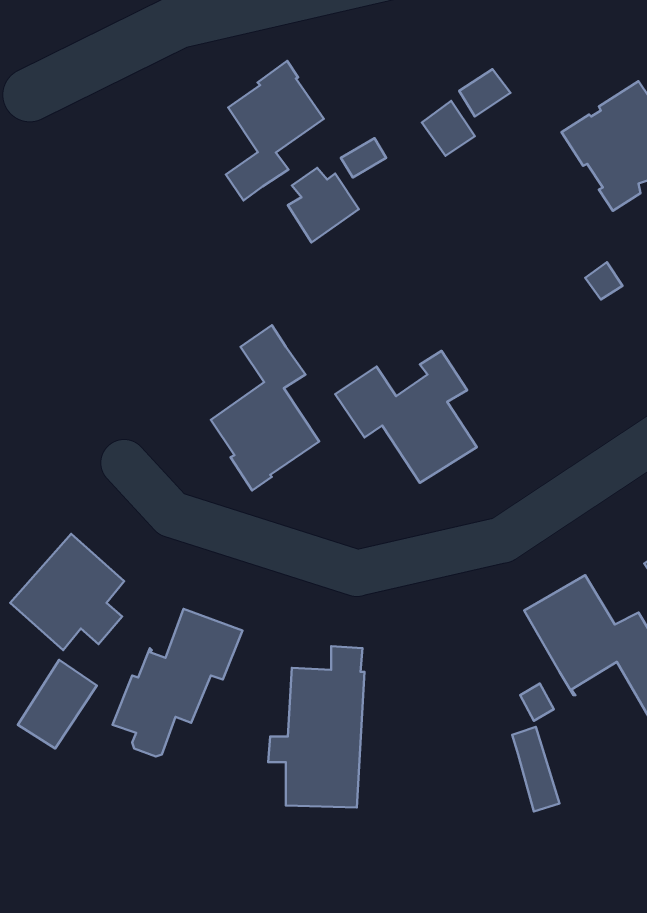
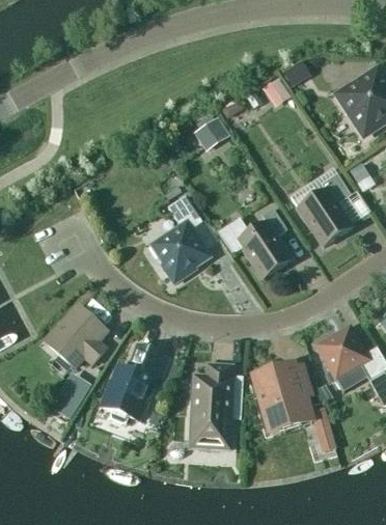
building: [226,61,324,200] -> none
building: none -> [297,173,352,246]
building: none -> [256,368,307,425]

